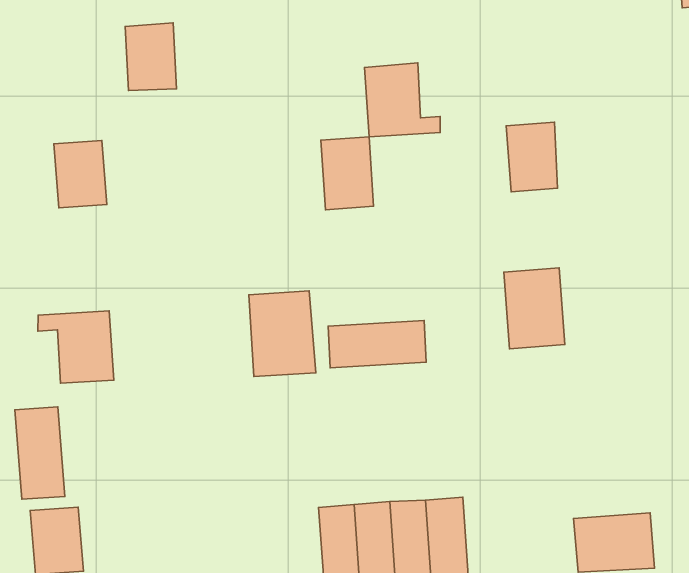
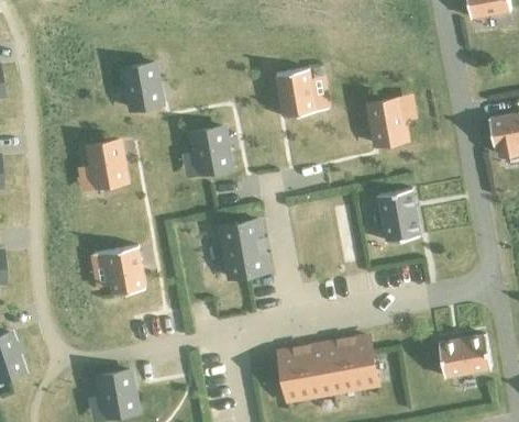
building: [321,137,374,210] -> [192,124,230,173]
building: [328,320,426,368] -> none
building: [15,407,65,499] -> none

